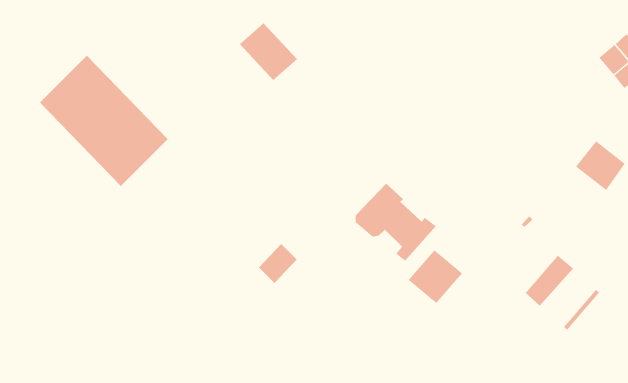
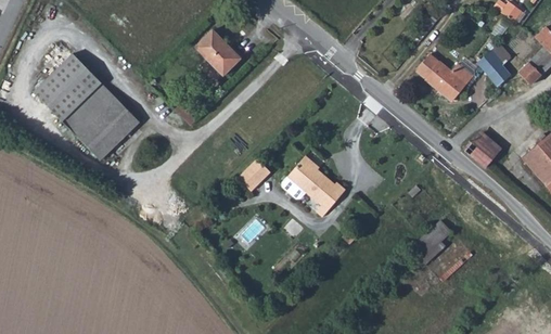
building: none -> [424,55,464,93]
building: [258,243,297,284] -> [241,159,272,192]
building: [408,249,463,304] -> none

